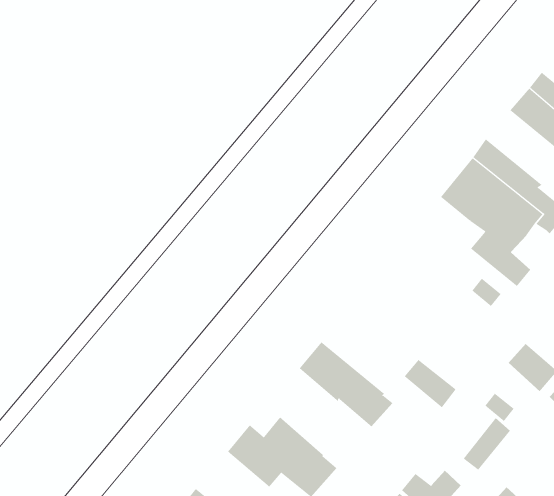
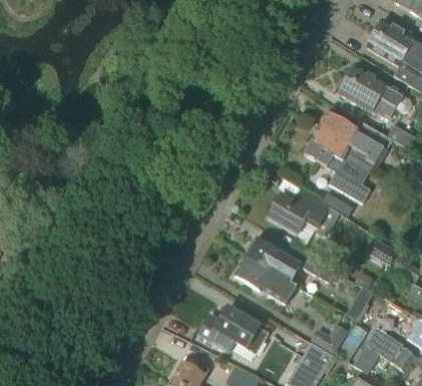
building: none -> [269,194,340,235]
building: none -> [247,238,302,282]

